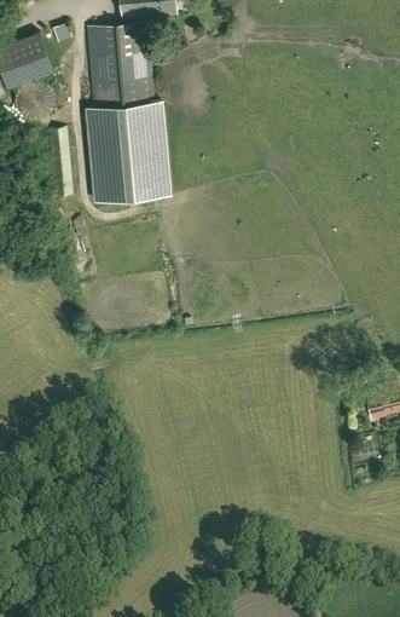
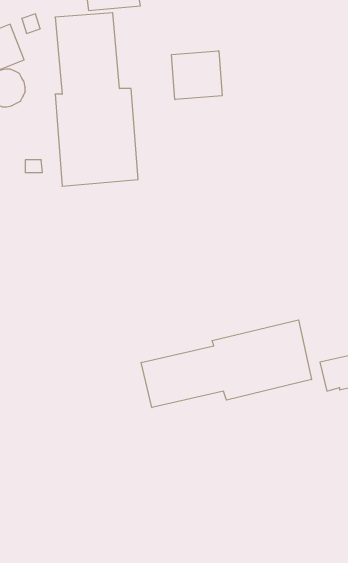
building: none -> [171,51,222,100]
building: none -> [141,320,312,408]

